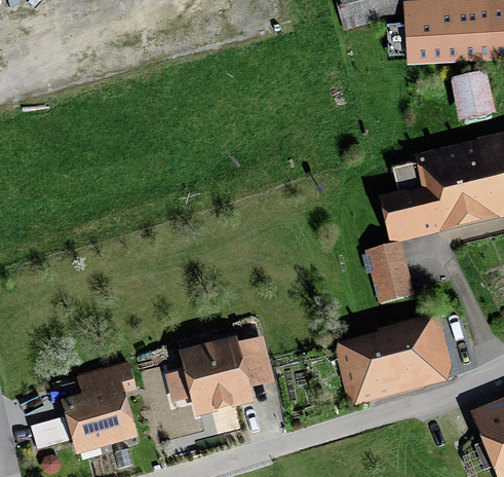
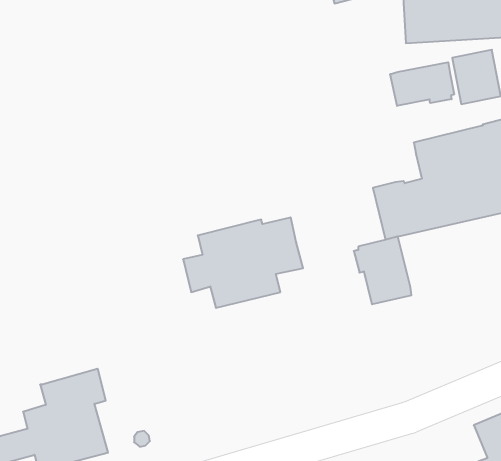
building: none -> [390,62,454,106]
building: [334,311,455,405] -> none
building: [166,334,275,416] -> [183,217,303,308]

